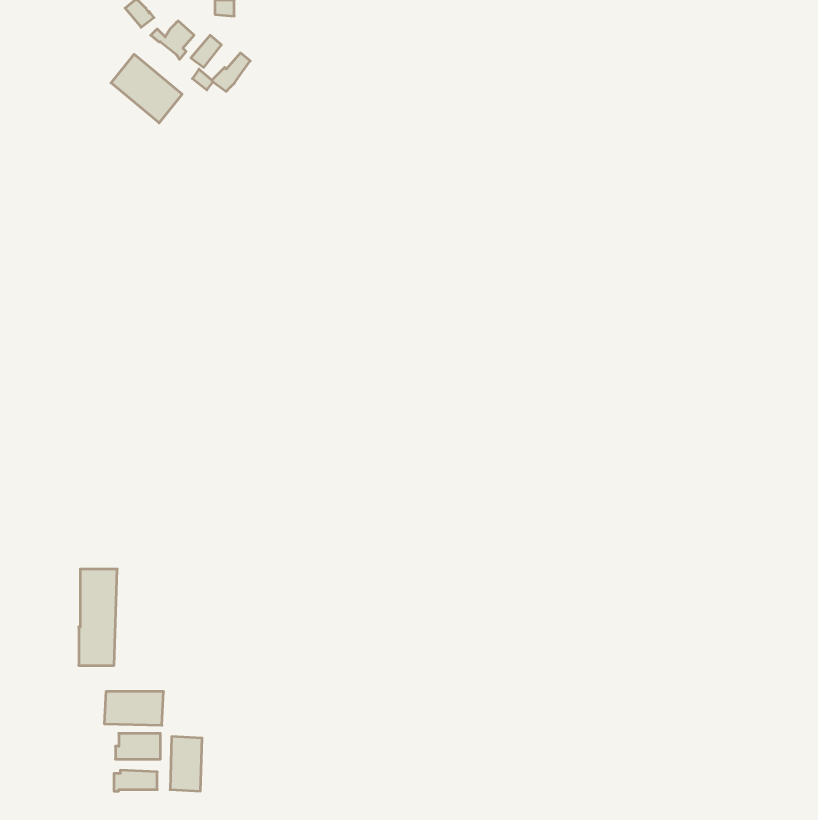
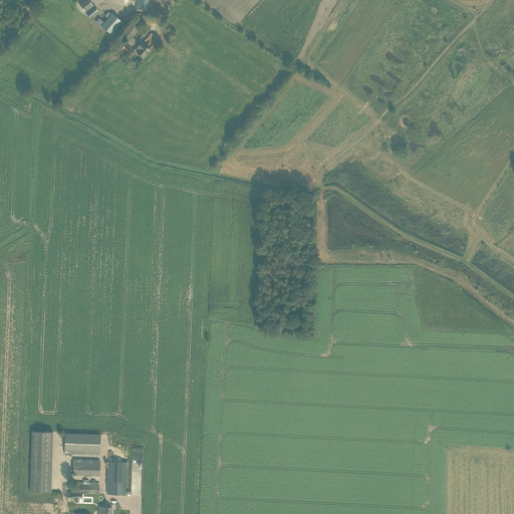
building: [111,54,182,123] -> none
building: [79,569,117,665] -> [30,431,54,491]

